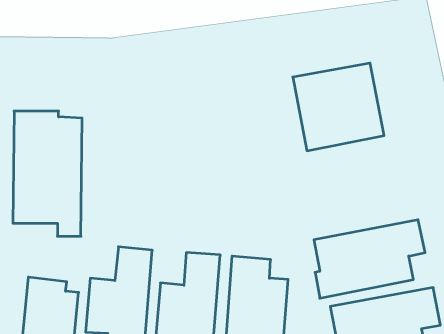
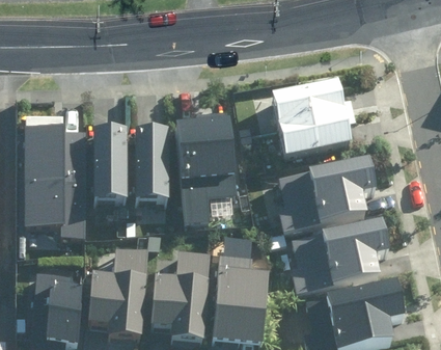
building: none -> [175,123,236,223]
building: none -> [91,131,128,201]
building: none -> [133,131,167,201]
building: none -> [277,160,376,230]

